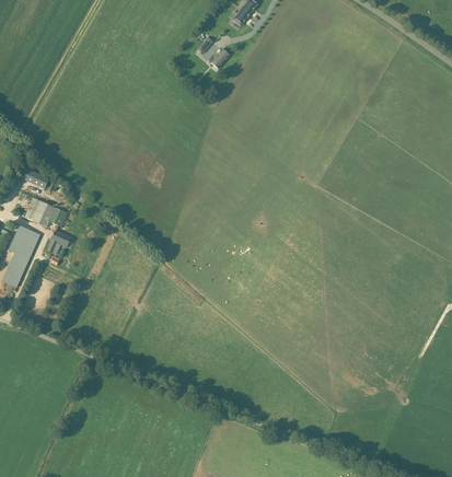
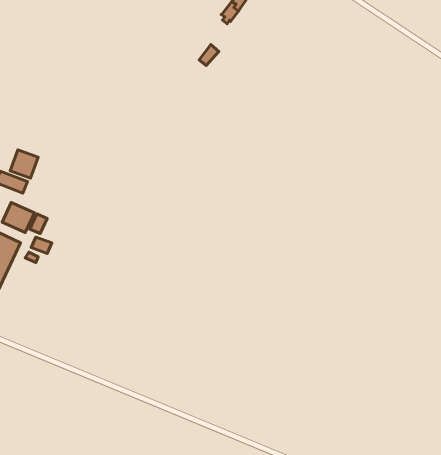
building: none -> [10,150,38,178]

